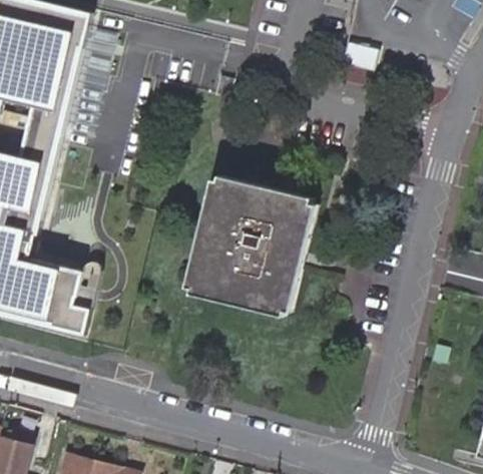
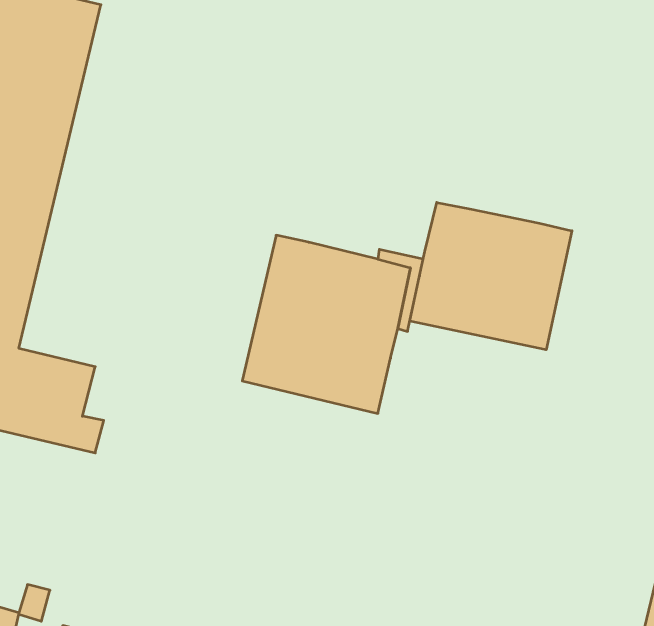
building: none -> [410,202,572,350]
building: [182,170,302,315] -> none

